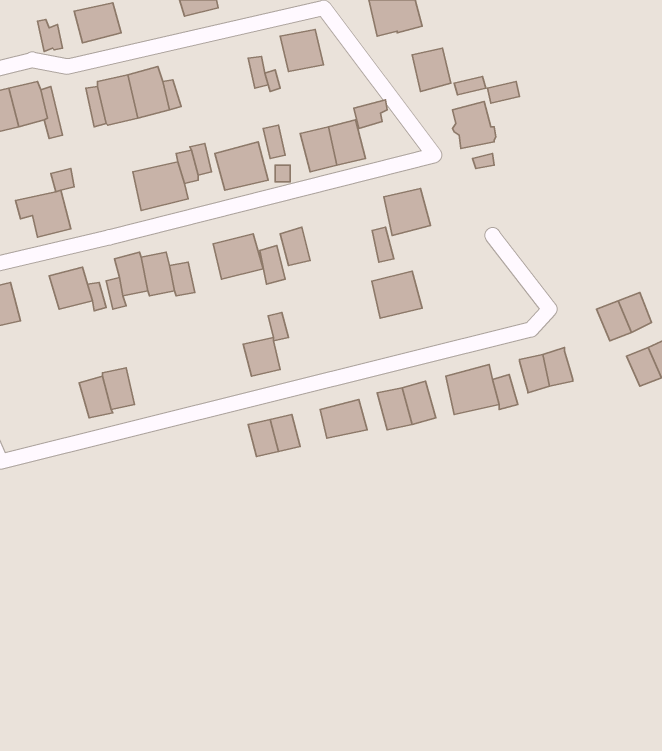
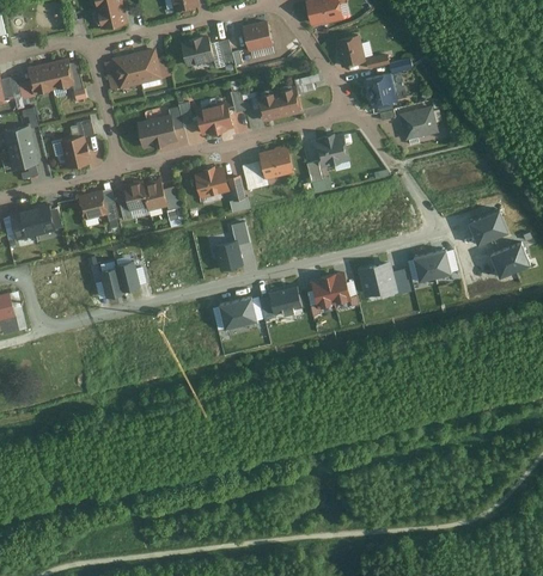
building: none -> [178,36,212,67]
building: none -> [398,108,435,143]
building: [372,271,422,318] -> [257,147,293,180]

